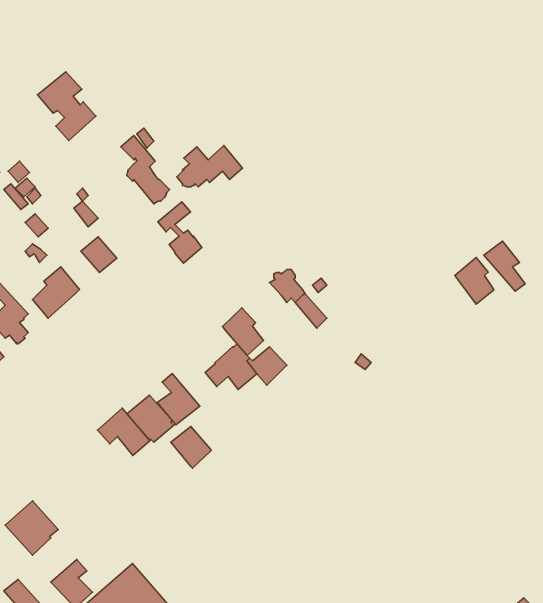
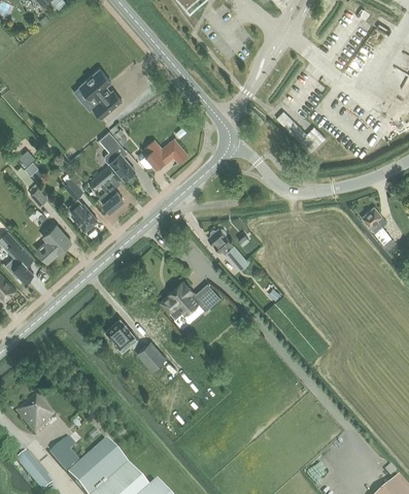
building: [37,72,96,140] -> [79,69,122,119]
building: [158,202,202,263] -> [91,167,123,211]
building: [455,258,494,304] -> none
building: [222,308,264,356] -> none
building: [157,373,200,425] -> none
building: [98,408,150,455] -> none

